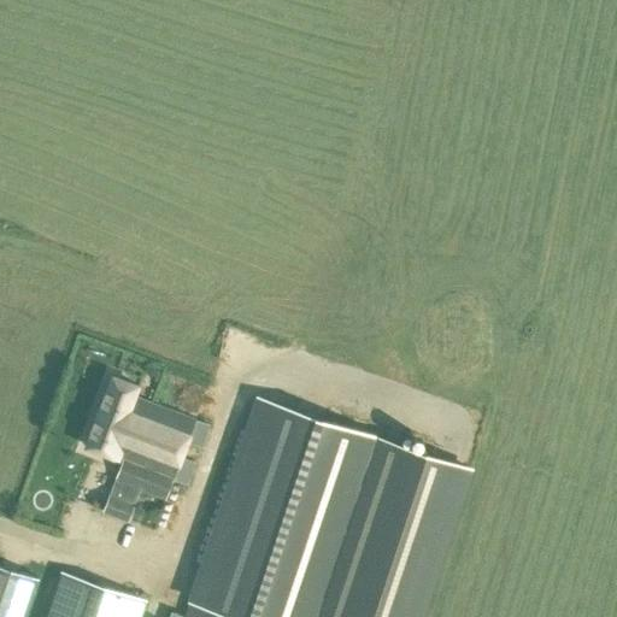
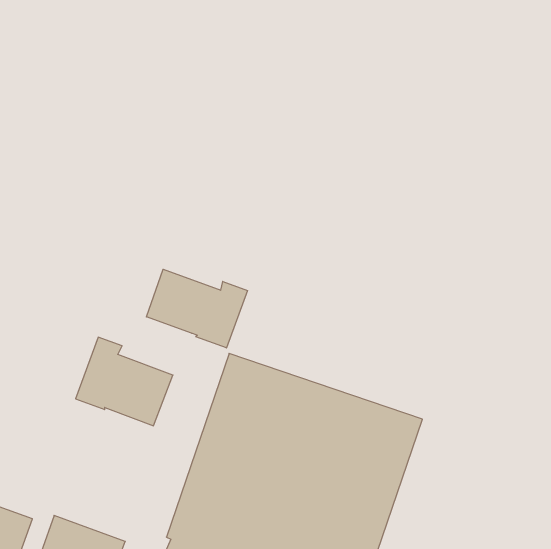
building: none -> [146,269,247,348]
building: [102,460,171,523] -> none

